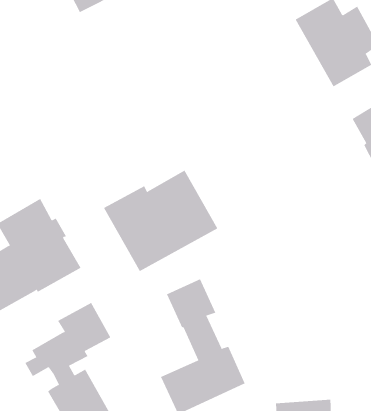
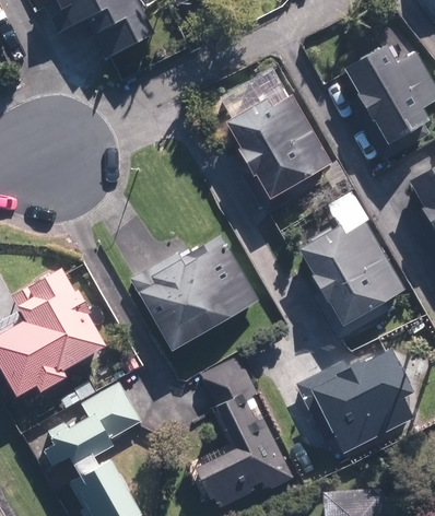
building: none -> [225,95,330,197]
building: none -> [299,191,403,341]
building: none -> [295,353,413,452]

